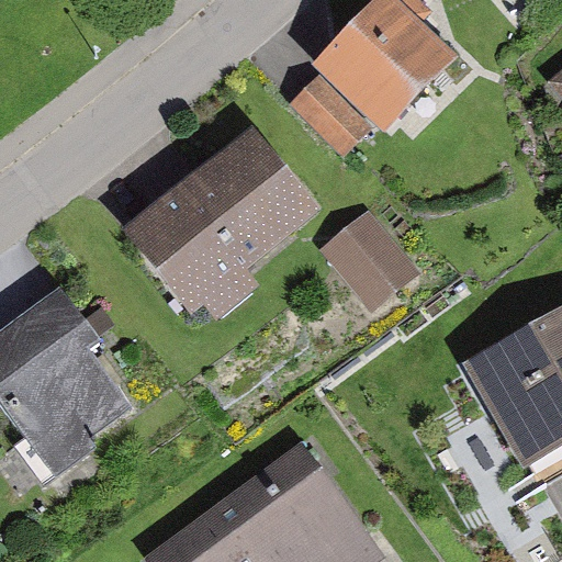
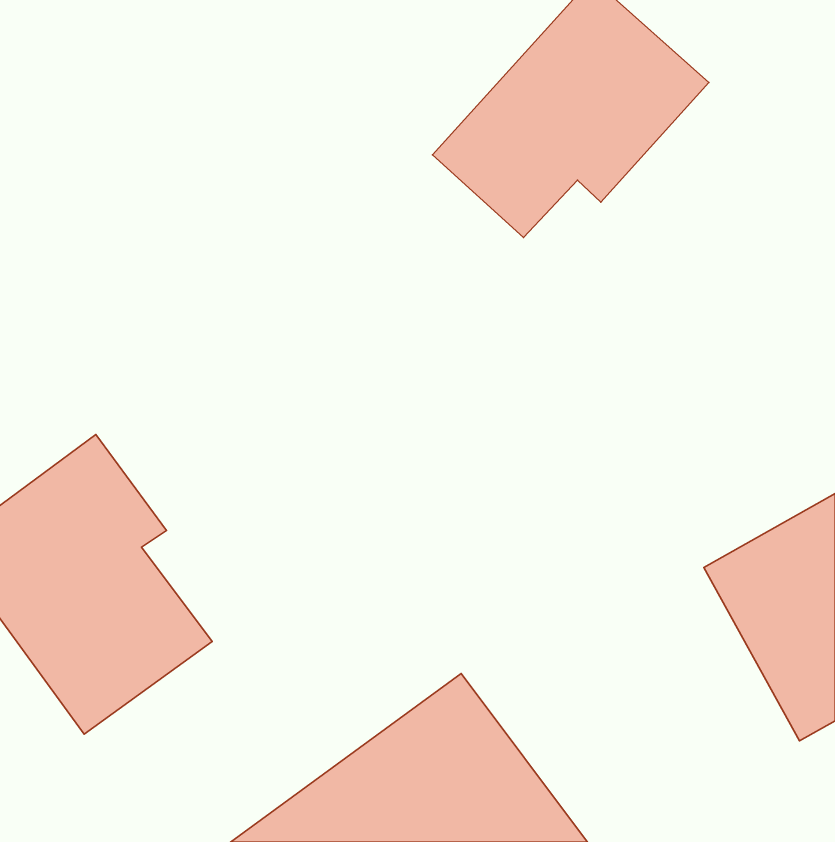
building: [126,128,322,323] -> none
building: [316,209,416,313] -> none

